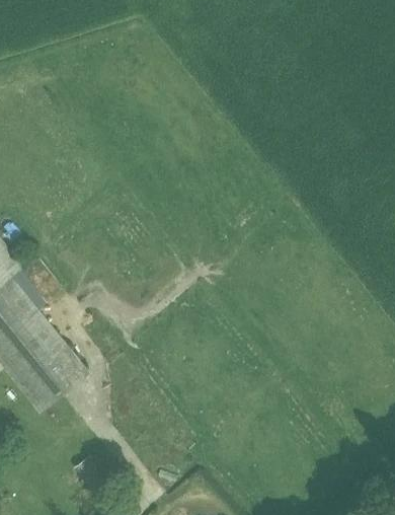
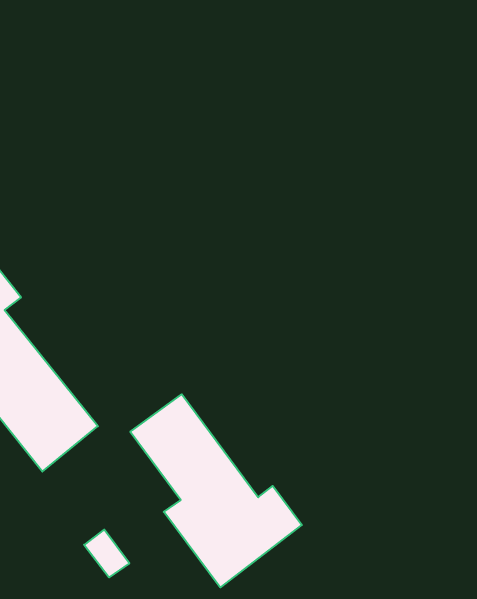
building: none -> [130,394,302,587]

